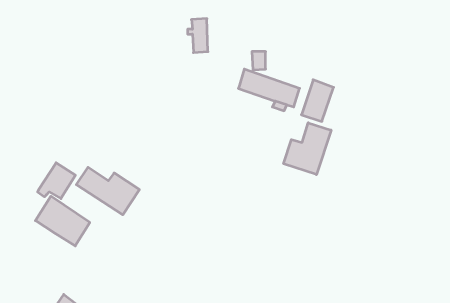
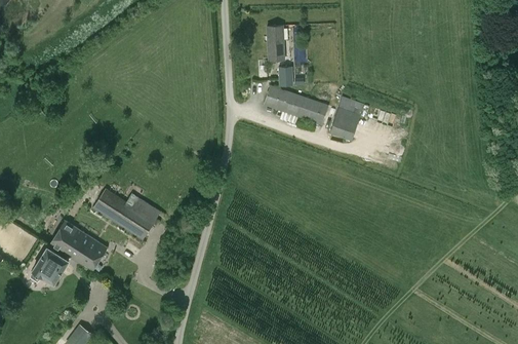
building: [188,19,208,53] -> [263,26,284,62]
building: [284,123,331,175] -> none
building: [38,163,75,199] -> [30,245,70,283]

